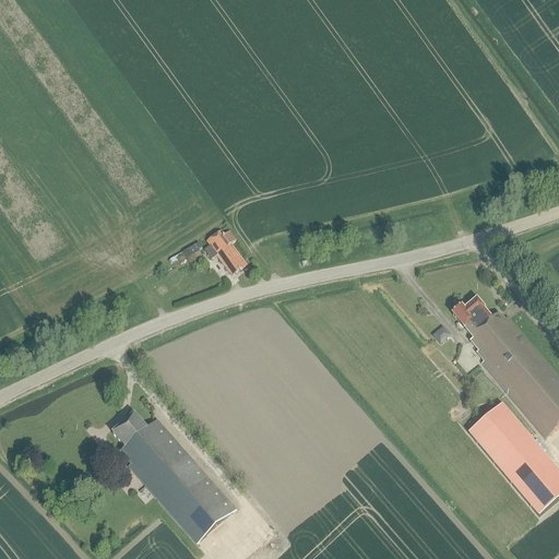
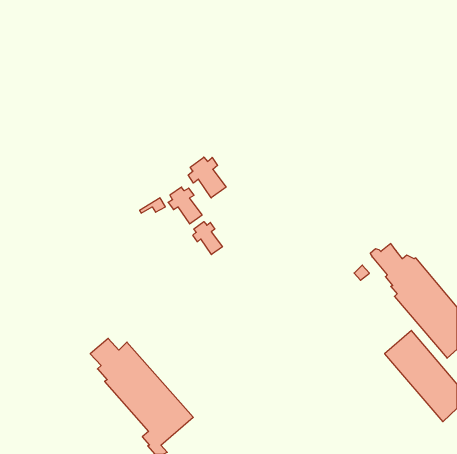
building: none -> [188,157,226,198]
building: none -> [193,222,222,255]

